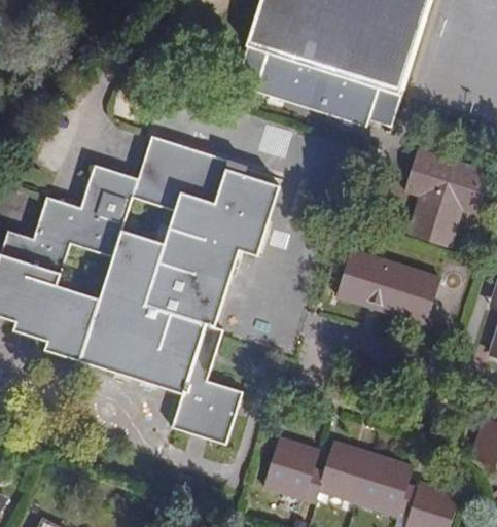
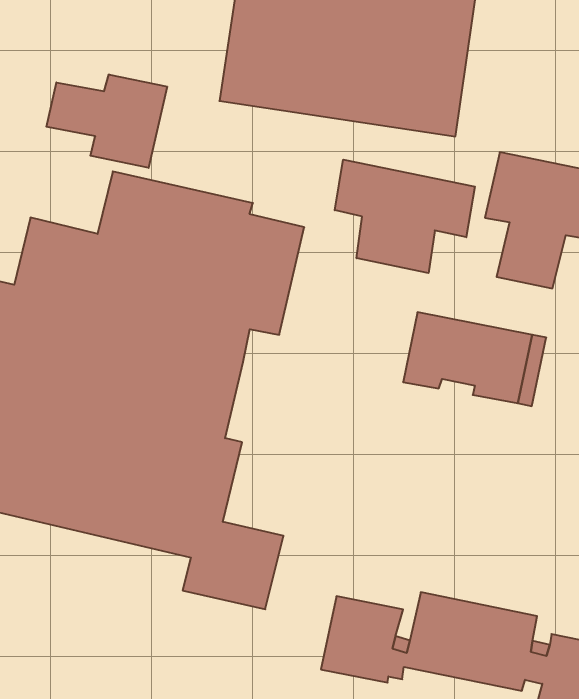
building: none -> [46,74,167,168]
building: none -> [335,160,475,273]

